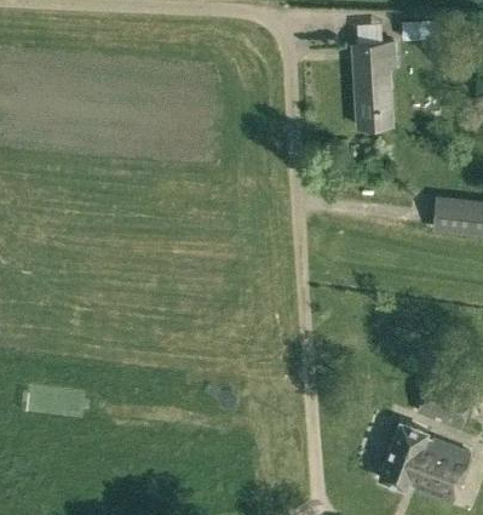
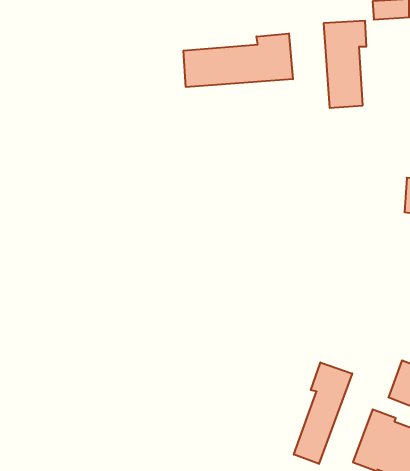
building: none -> [183,33,293,87]
building: none -> [294,362,352,464]

